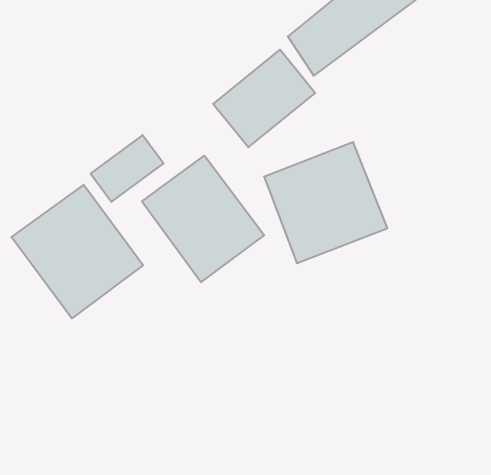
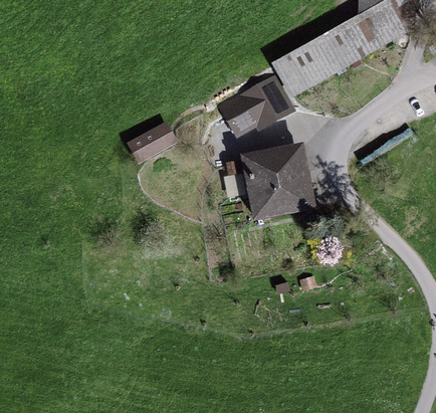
building: [142,156,264,282] -> none
building: [11,185,143,318] -> none

